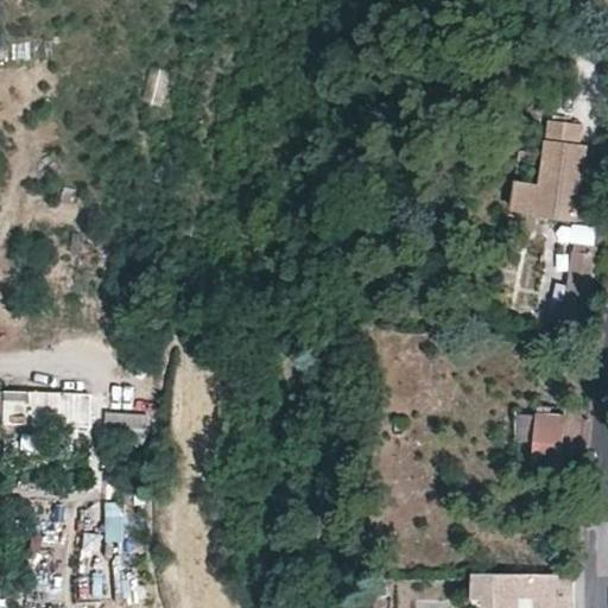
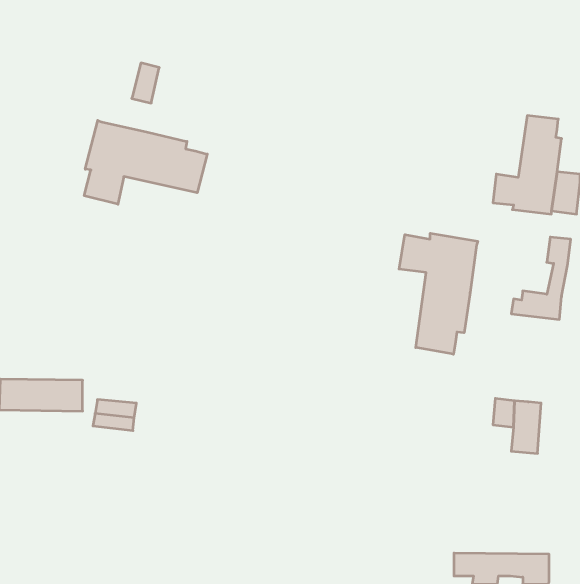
building: none -> [84,120,207,204]
building: none -> [399,233,478,354]

